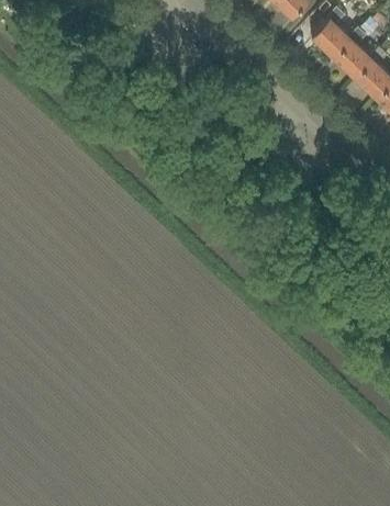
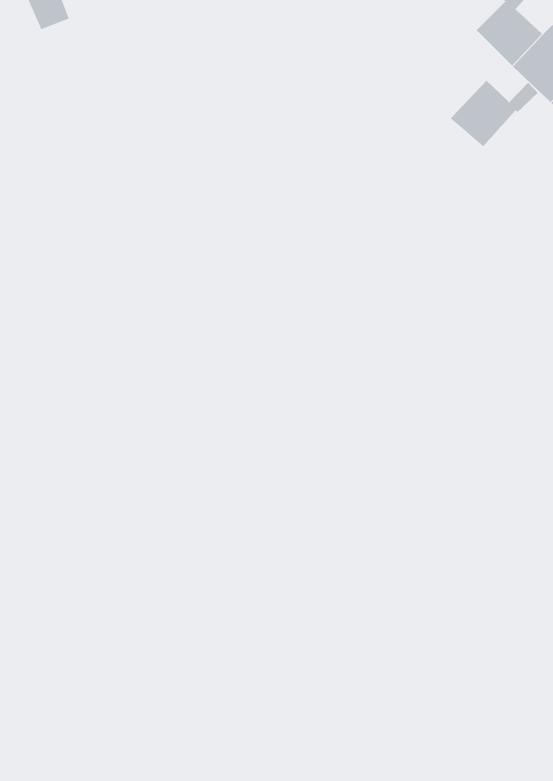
building: none -> [450,80,539,147]

